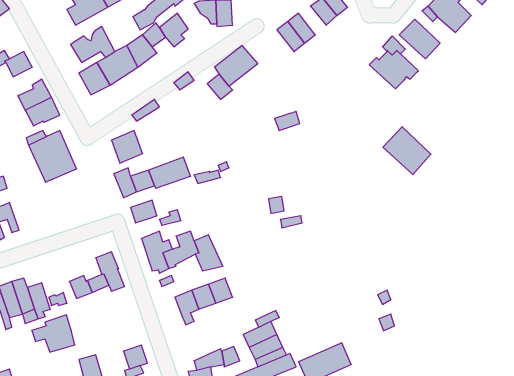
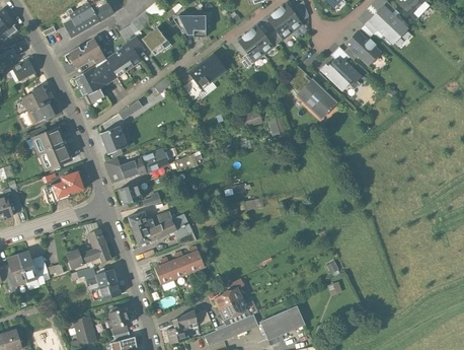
building: [383,127,431,175] -> [296,79,336,120]
building: none -> [47,171,83,203]
building: [32,315,75,352] -> [86,268,123,299]

